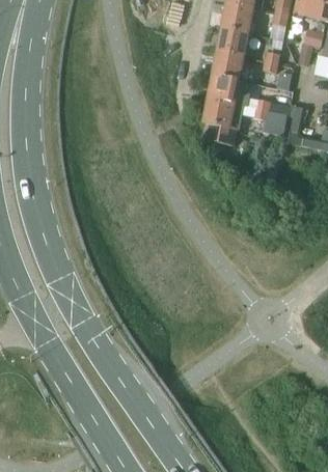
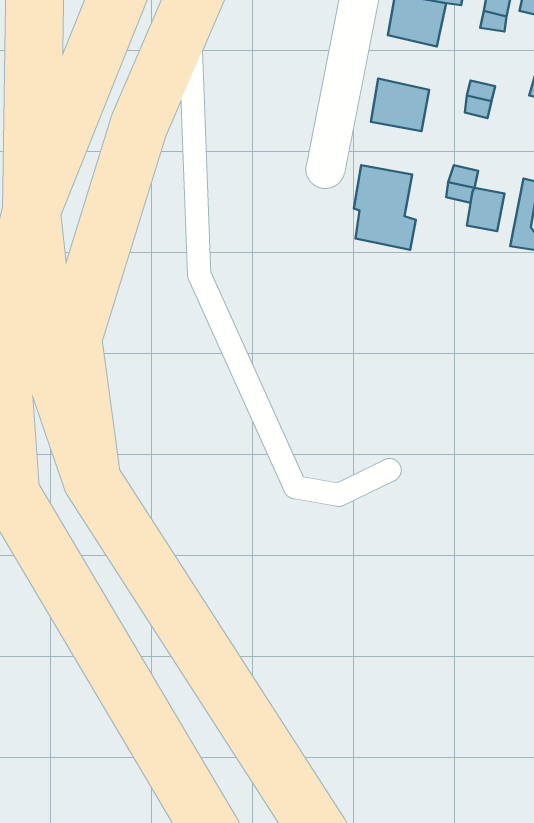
building: [217,26,249,56] -> none
building: [208,74,250,105] -> none

